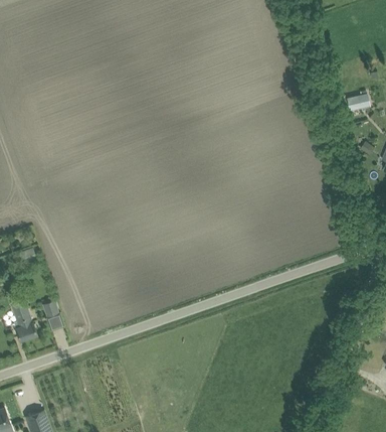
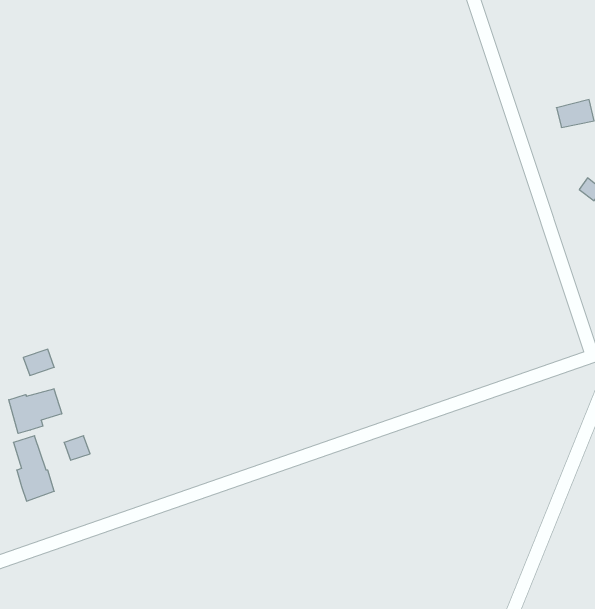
building: none -> [9,389,62,433]

